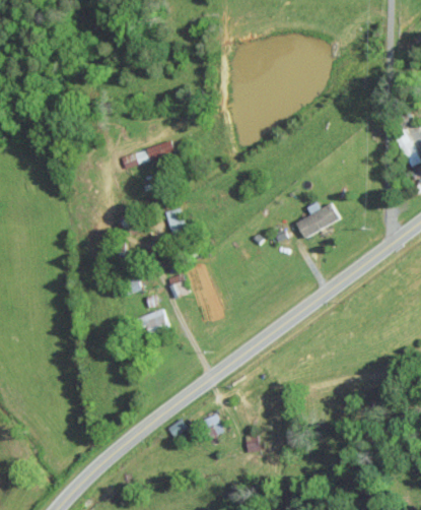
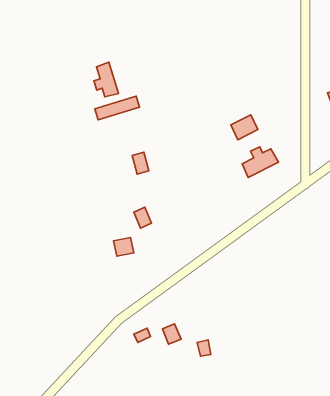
building: none -> [94,62,118,97]
building: none -> [231,115,258,140]

